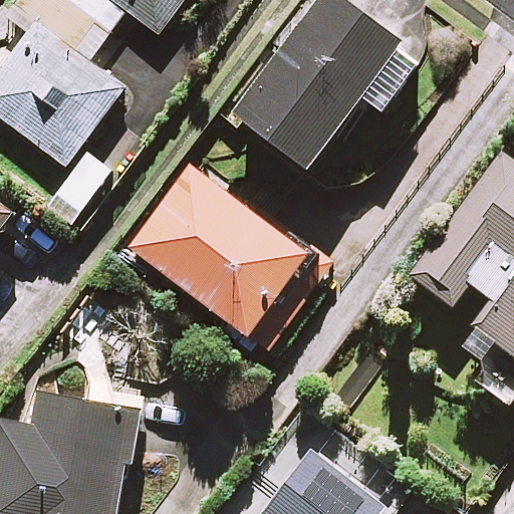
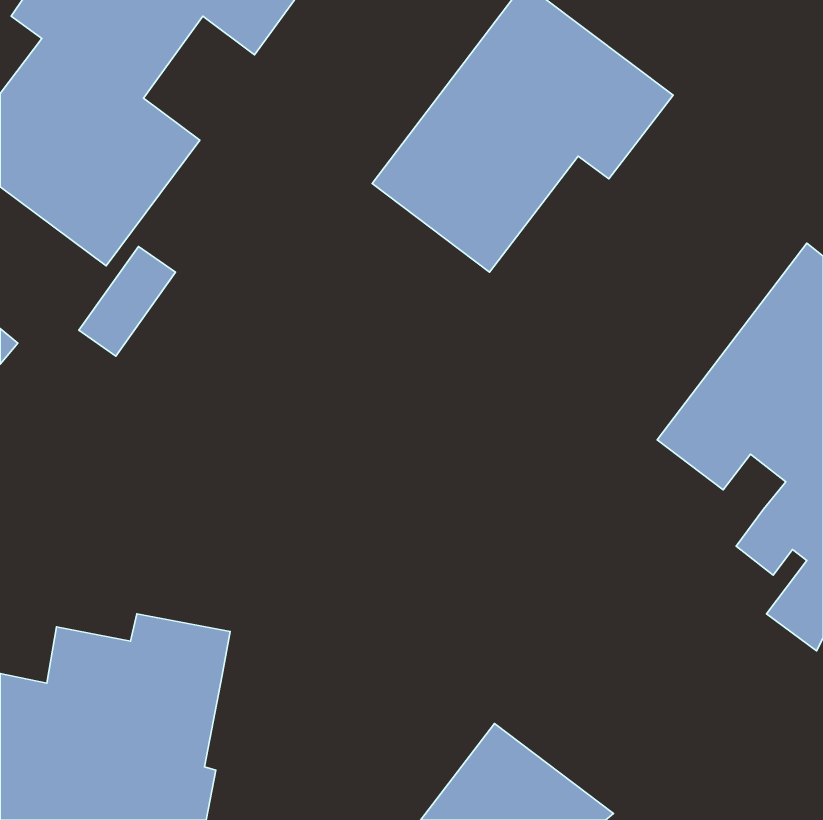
building: [131,165,328,350] -> none

